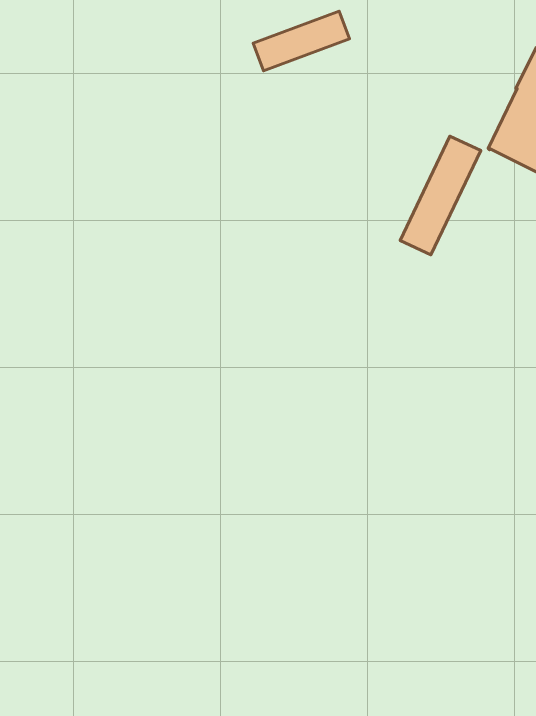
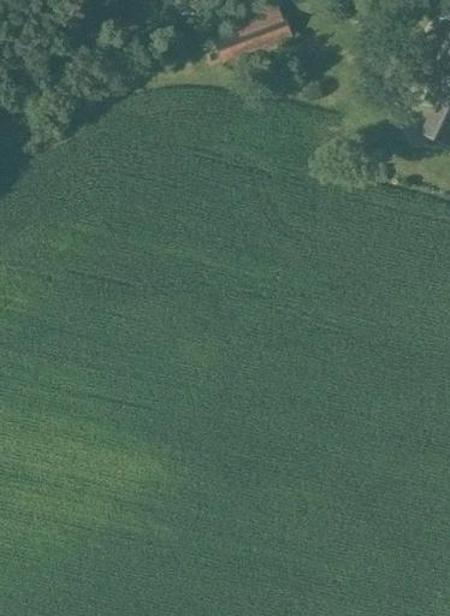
building: [400,136,481,255] -> none

